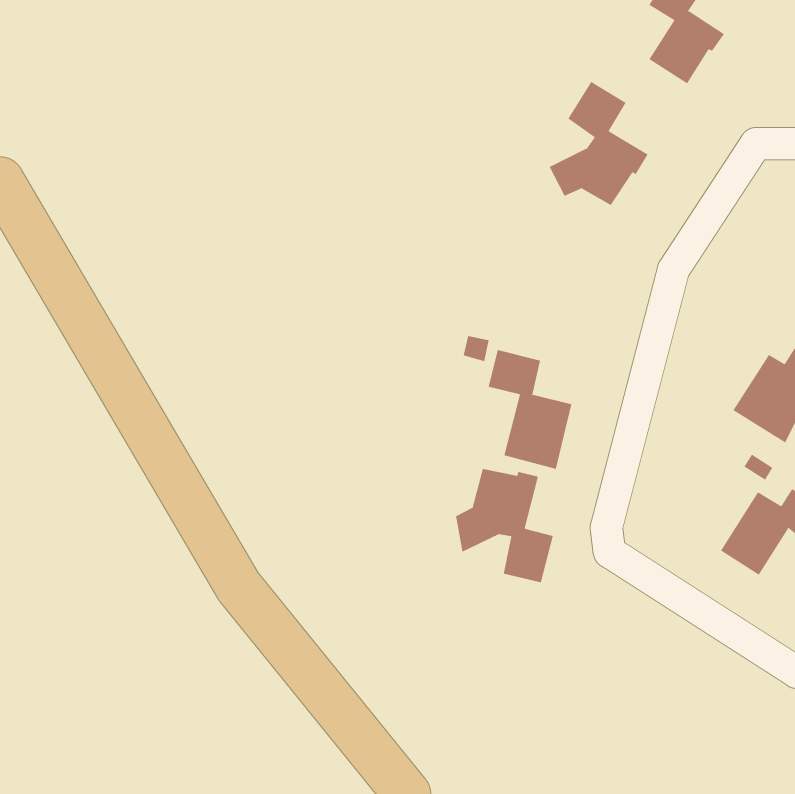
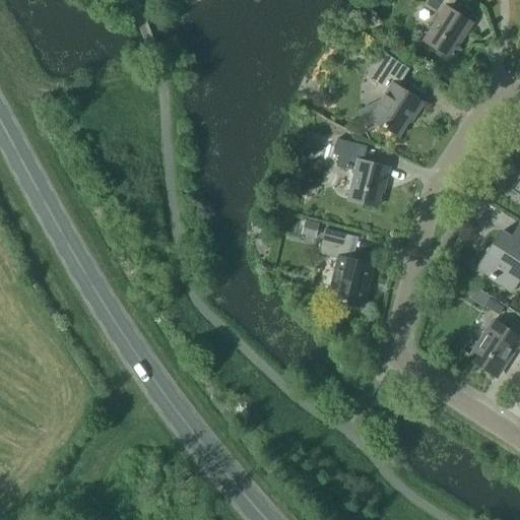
building: none -> [334,137,390,205]
building: [456,468,553,583] -> none

